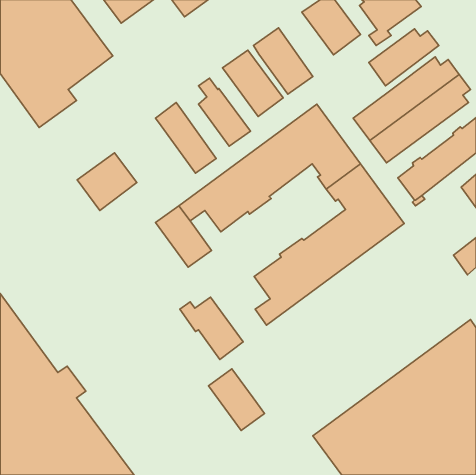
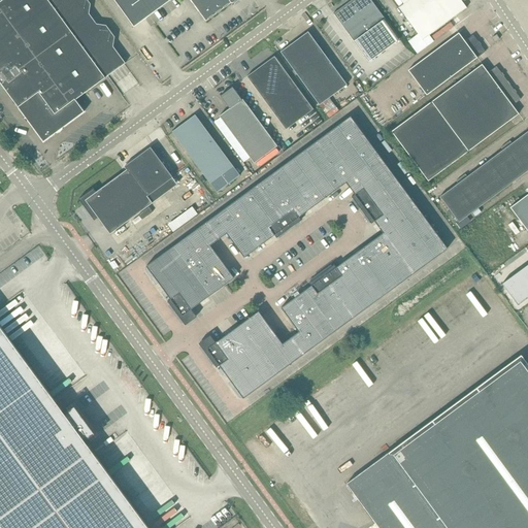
building: none -> [125,146,177,202]
building: none -> [146,246,208,325]
building: [209,369,265,430] -> [233,310,295,378]

